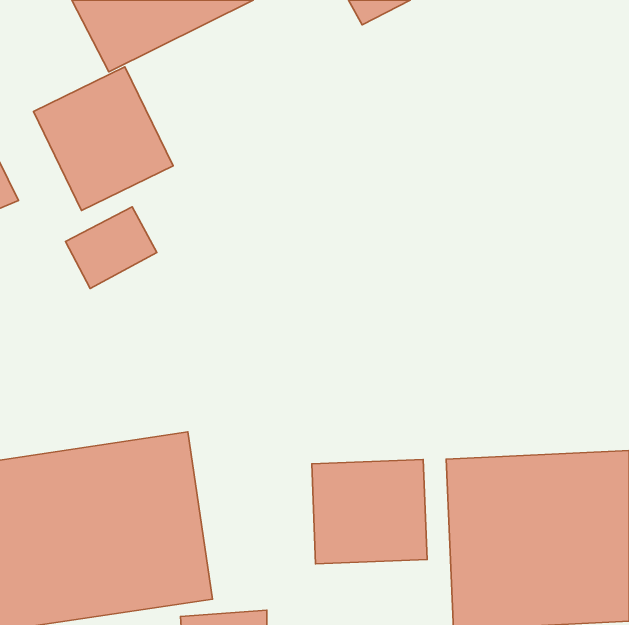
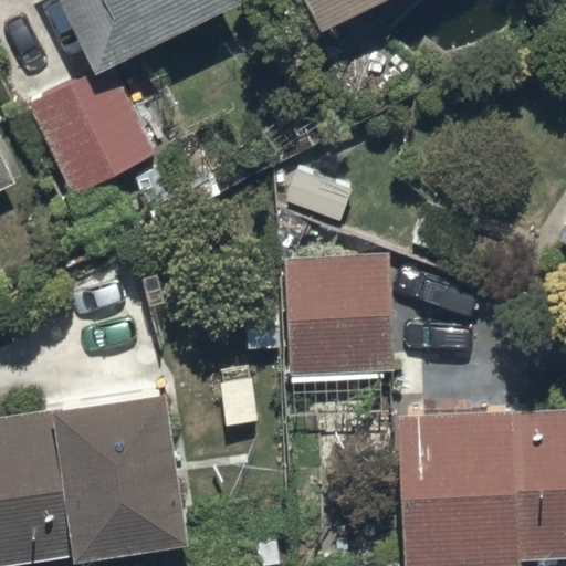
building: none -> [284,255,394,377]
building: [312,460,427,564] -> none

